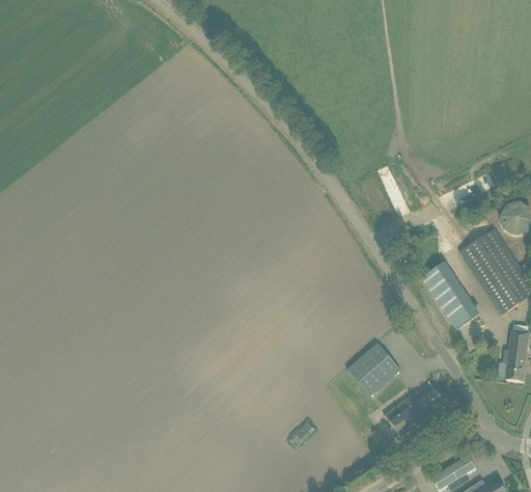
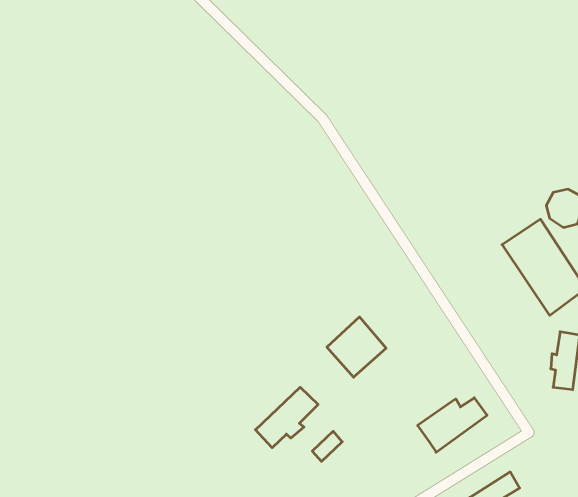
building: [421,262,478,328] -> none
building: [347,341,400,395] -> [327,317,386,377]
building: none -> [255,387,318,448]

